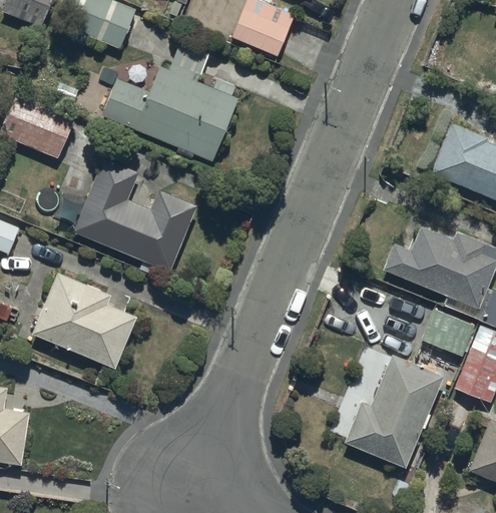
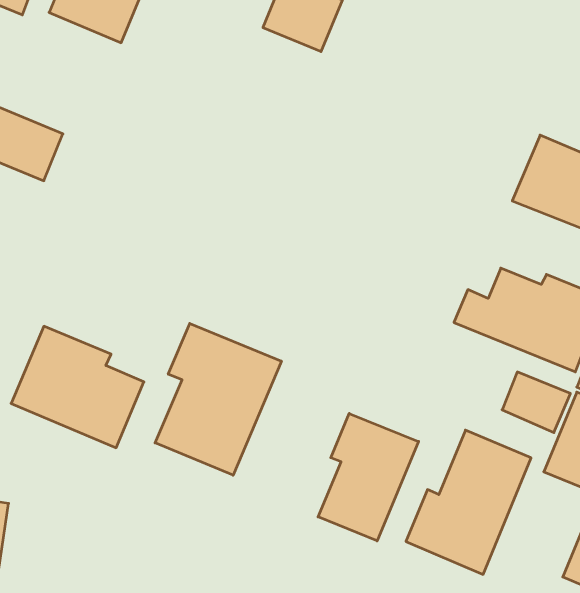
building: [101,41,238,161] -> none
building: [74,159,197,273] -> none
building: none -> [155,323,281,475]
building: none -> [318,413,419,541]

